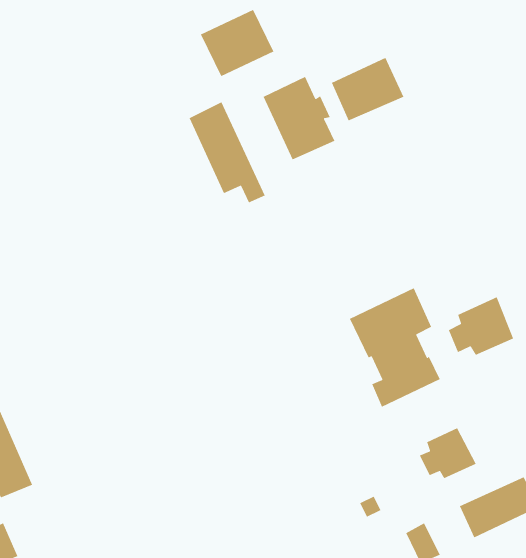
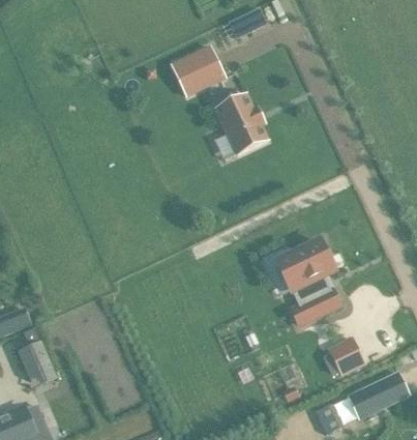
building: [331,57,404,121] -> none
building: [189,101,266,204] -> none
building: [448,296,514,356] -> none

